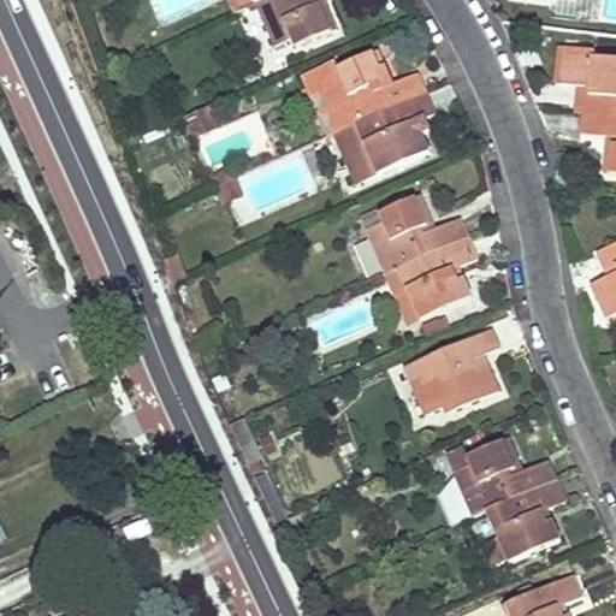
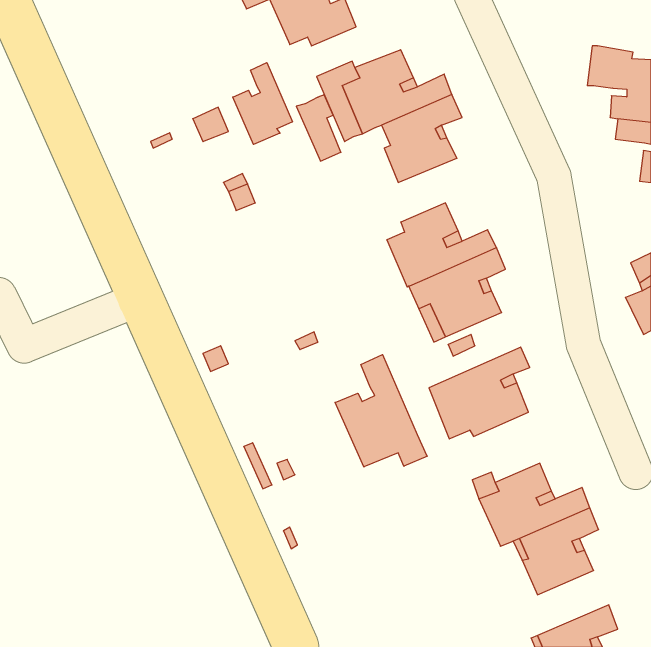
building: none -> [233,63,292,144]
building: [333,118,375,180] -> [296,95,341,161]
building: none -> [335,355,427,467]

